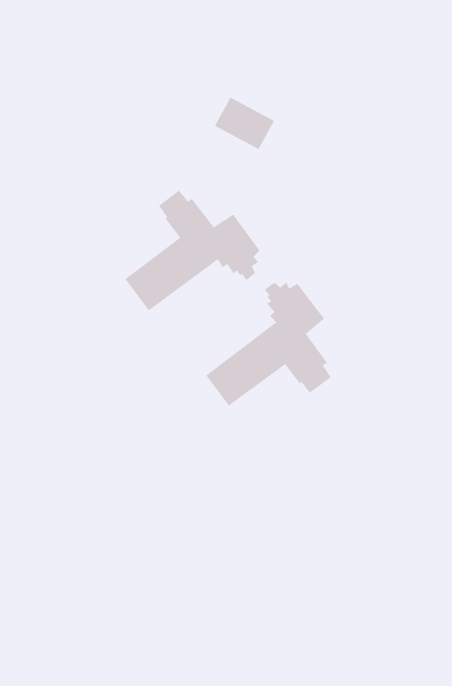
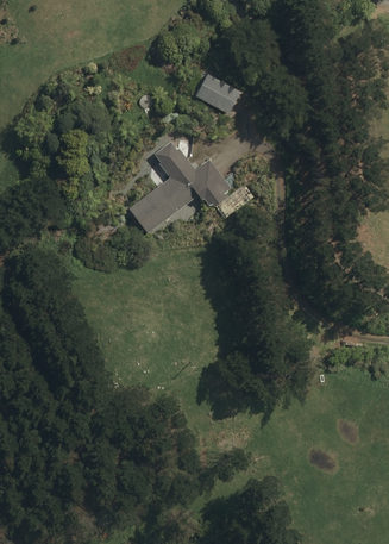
building: [205,282,332,407] -> none

